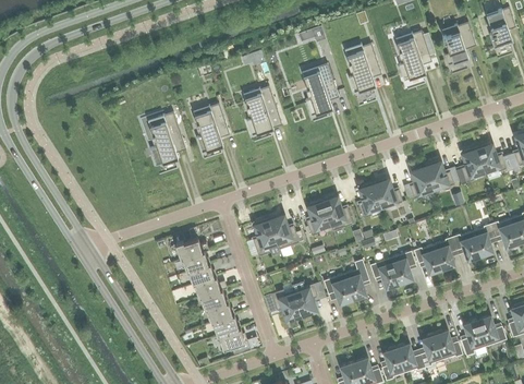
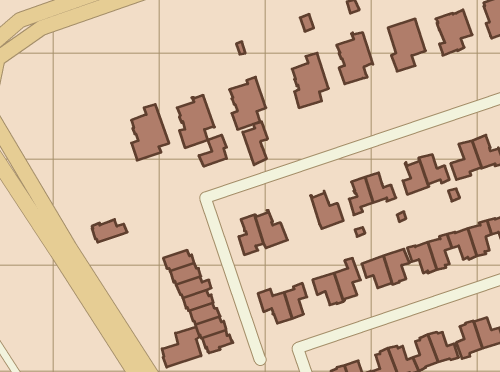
building: none -> [243,122,268,165]
building: none -> [199,135,227,166]
building: [305,200,329,236] -> none
building: [174,238,208,260] -> [92,219,127,242]
building: none -> [162,327,201,367]

